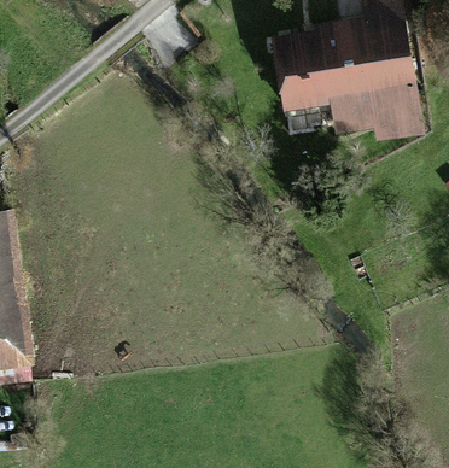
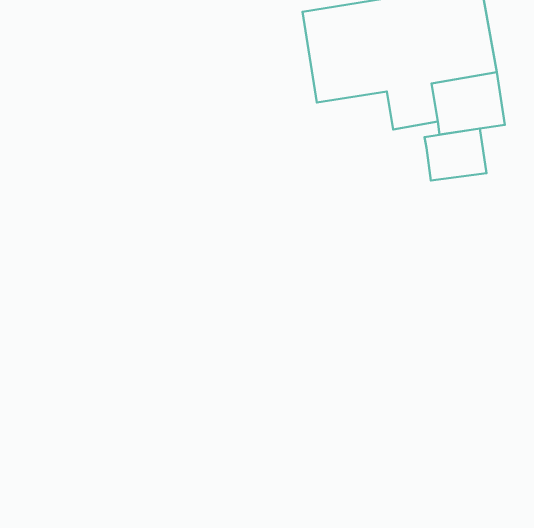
building: none -> [425,128,487,181]

